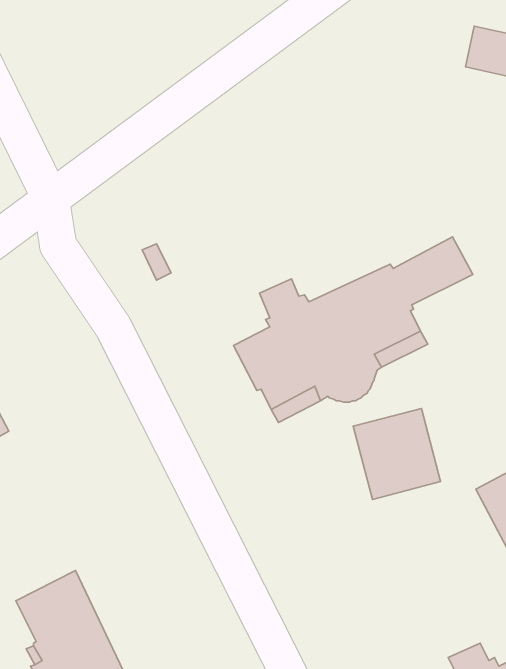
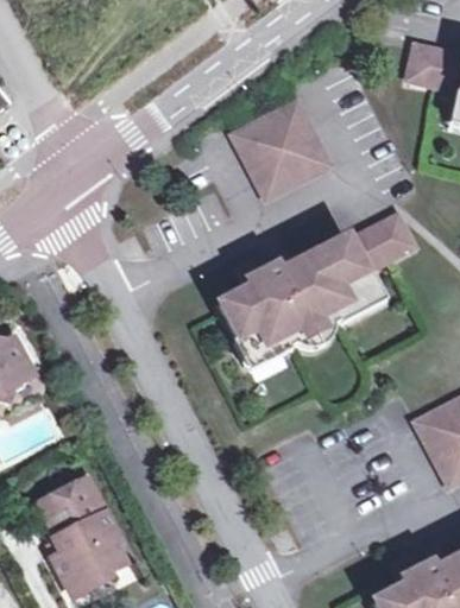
building: none -> [231,101,327,197]
building: [353,408,441,499] -> none

